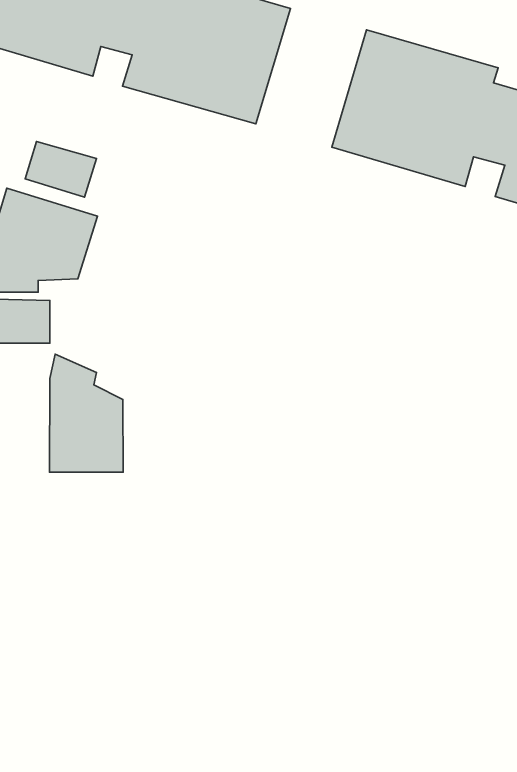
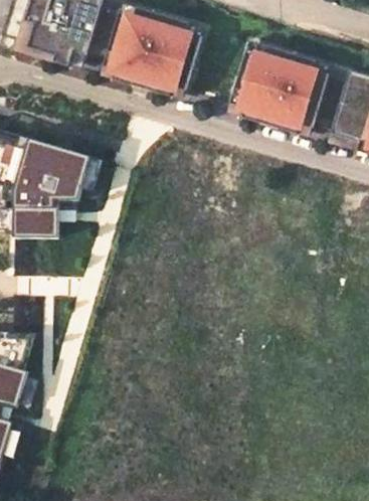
building: [25,142,96,197] -> none
building: [50,354,123,472] -> none

